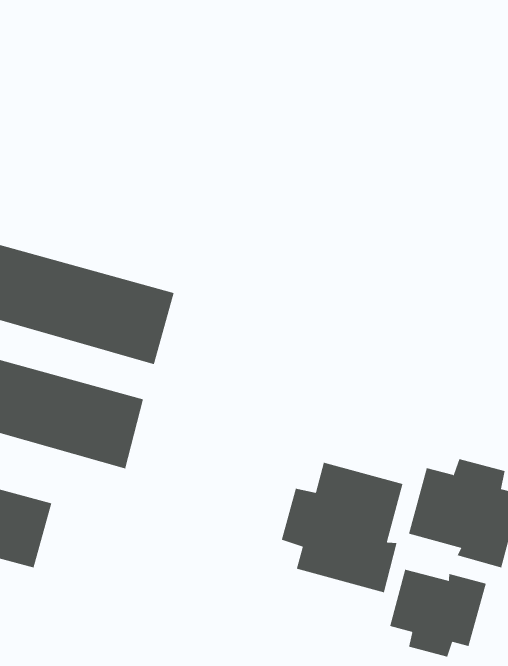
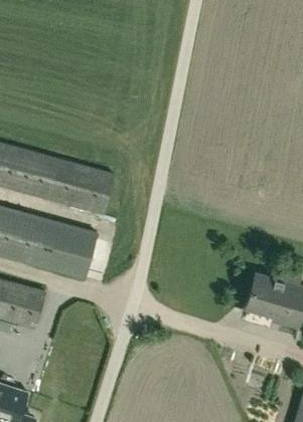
building: [281,462,403,593] -> none
building: [389,569,486,658] -> none

